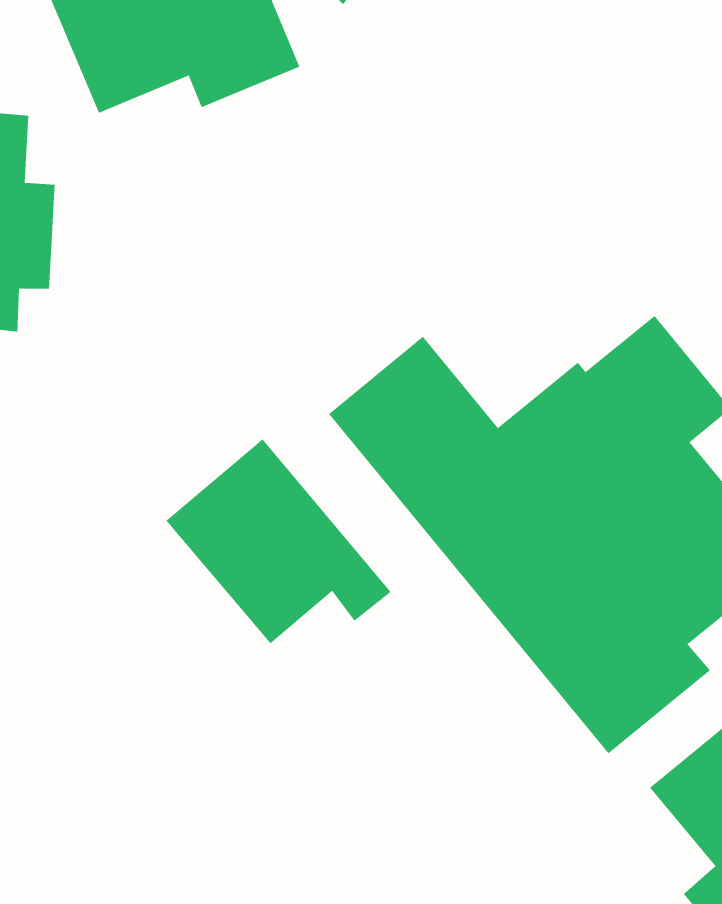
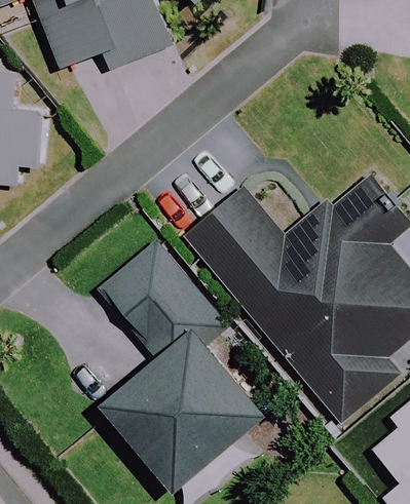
building: none -> [104,331,264,492]

